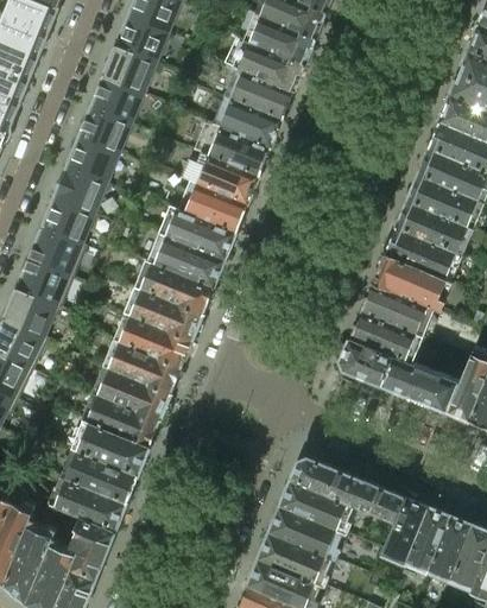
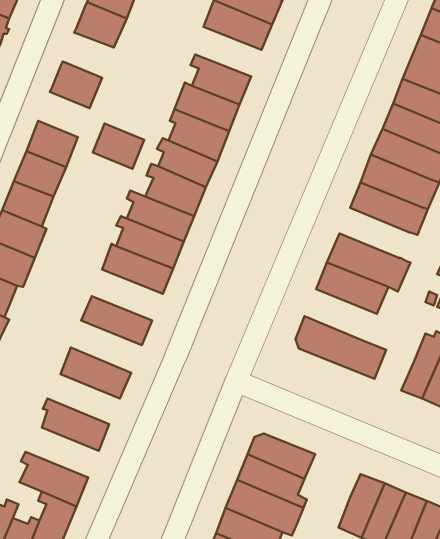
building: [233,40,304,91] -> none
building: [101,46,153,93] -> none
building: [76,107,128,153] -> [93,123,144,169]
building: [384,226,463,280] -> none
building: [131,289,203,341] -> none
building: [348,309,422,362] -> none
building: [109,341,182,394] -> none
building: [419,370,460,412] -> none
building: [88,395,159,446] -> none
building: [69,448,138,501] -> none
building: [348,477,405,521] -> none

